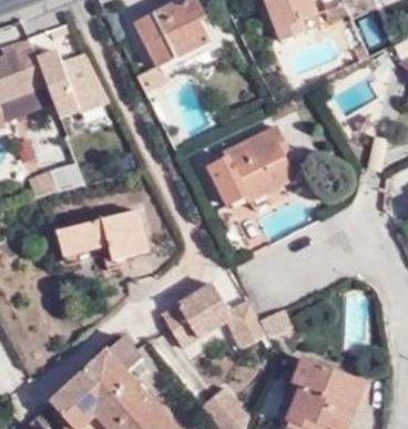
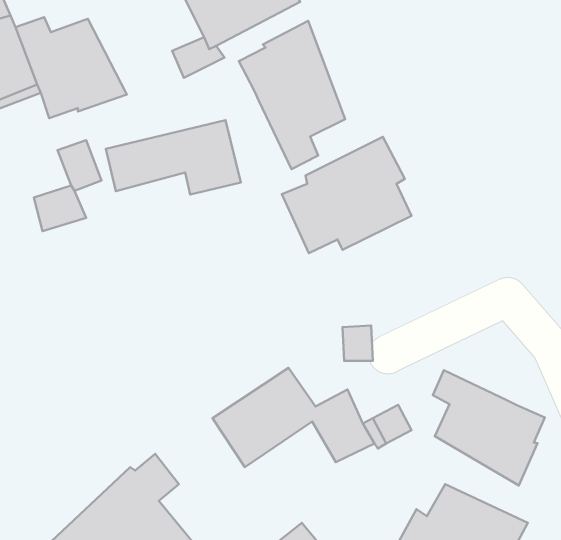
building: none -> [239,21,345,169]
building: [59,214,147,263] -> [106,120,241,194]
building: none -> [433,370,545,486]

